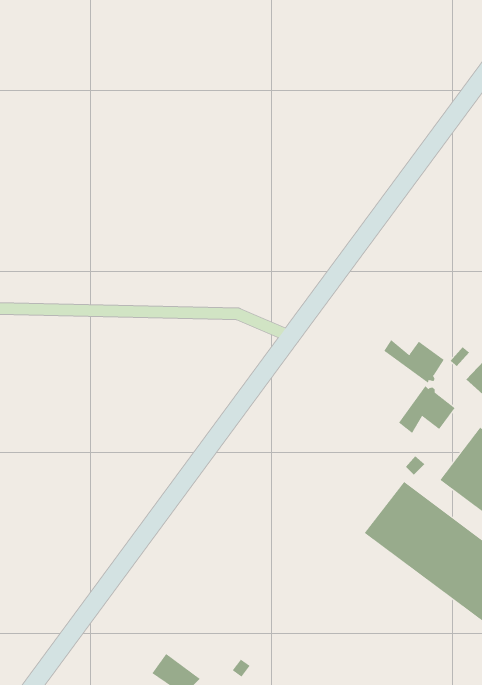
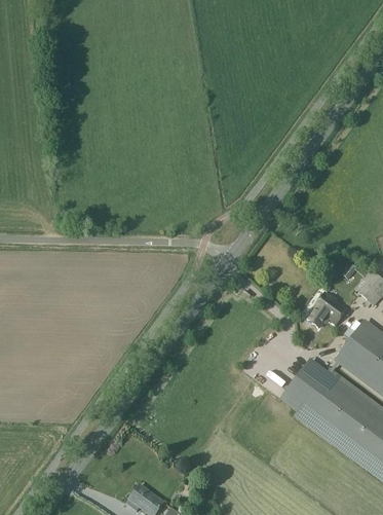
building: [384,339,445,384] -> none

